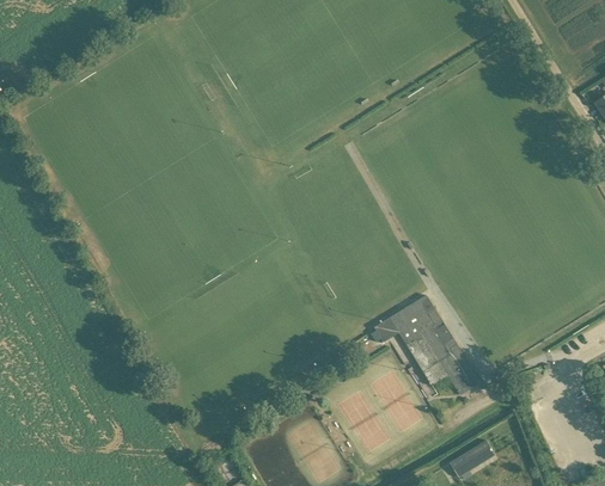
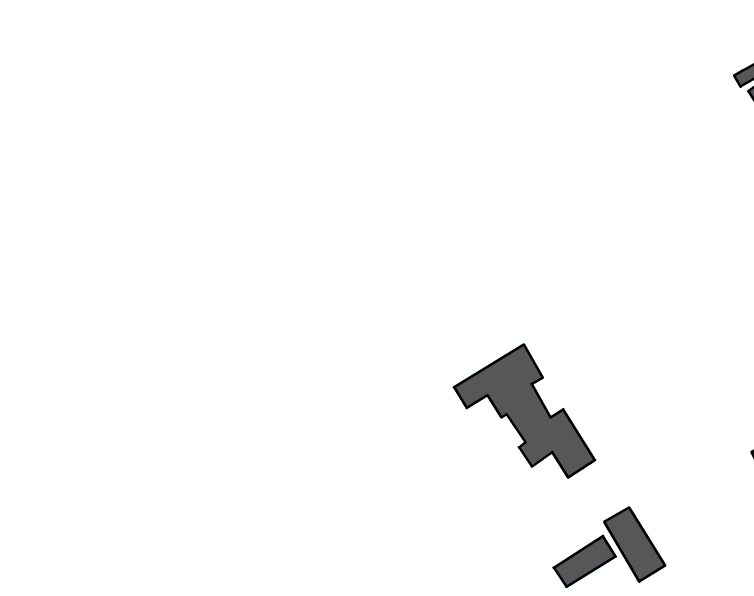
building: none -> [604,508,665,582]

